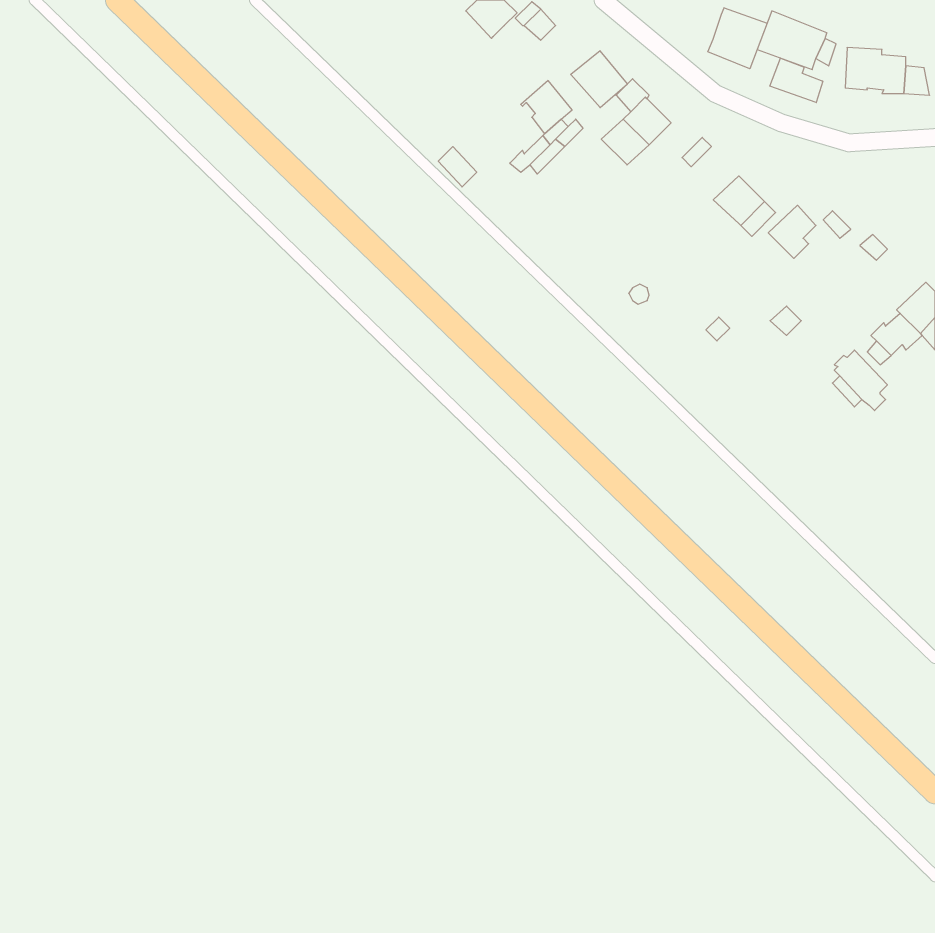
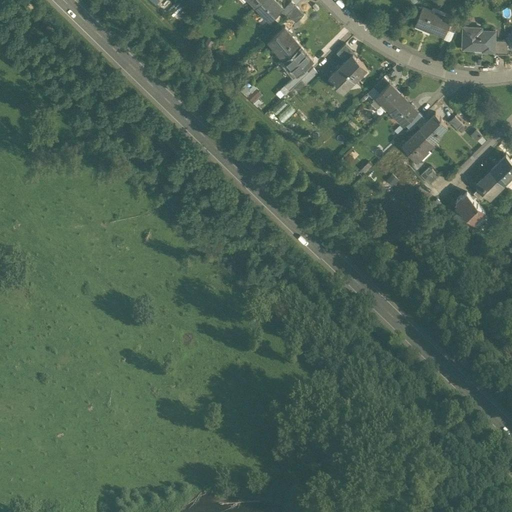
building: [708,8,767,69] -> none
building: [571,51,628,108] -> [268,28,299,59]
building: [770,58,823,103] -> none
building: none -> [376,84,403,111]
building: none -> [401,129,433,161]

